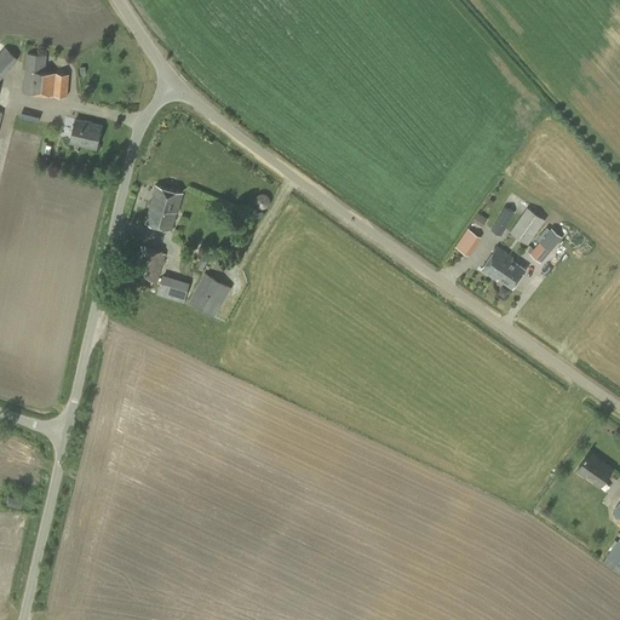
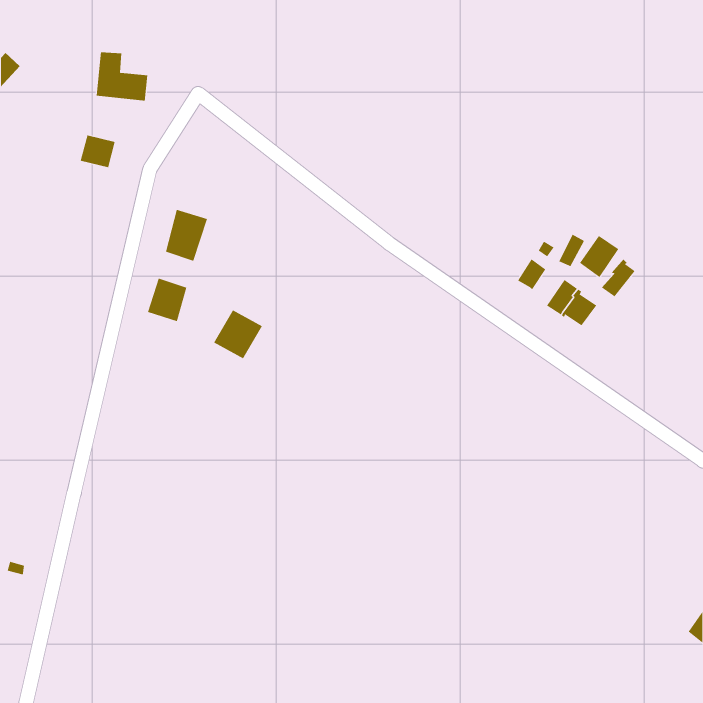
building: [23,53,69,97] -> [96,52,148,101]
building: [156,274,190,302] -> none
building: [576,452,613,486] -> none

